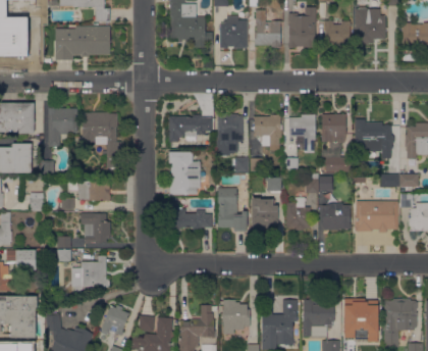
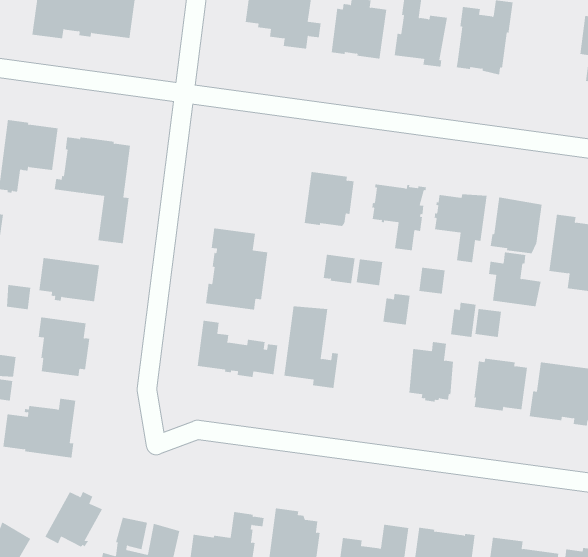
building: [324,20,351,47] -> none
building: [169,115,213,143] -> none
building: [253,198,279,230] -> none

